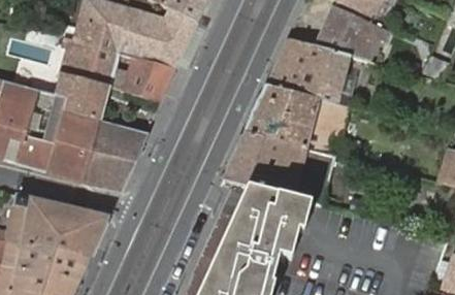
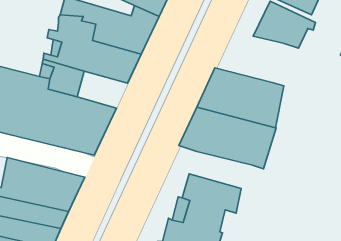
building: [265,38,348,101] -> none
building: [234,185,311,230] -> none

